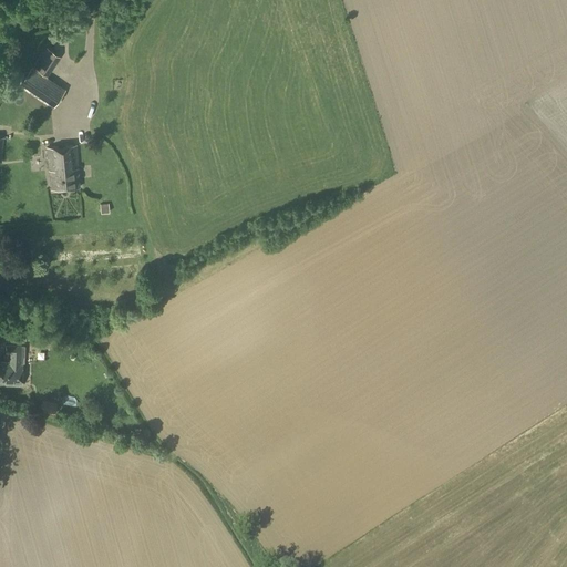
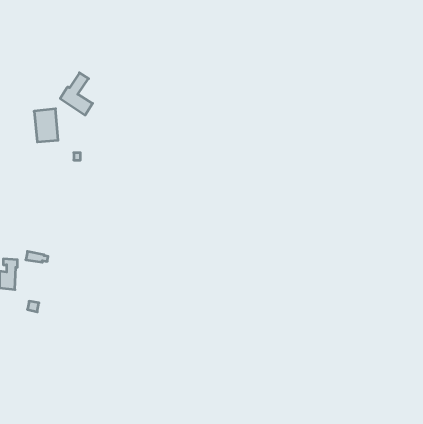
building: [20,49,63,105] -> [60,73,93,115]

